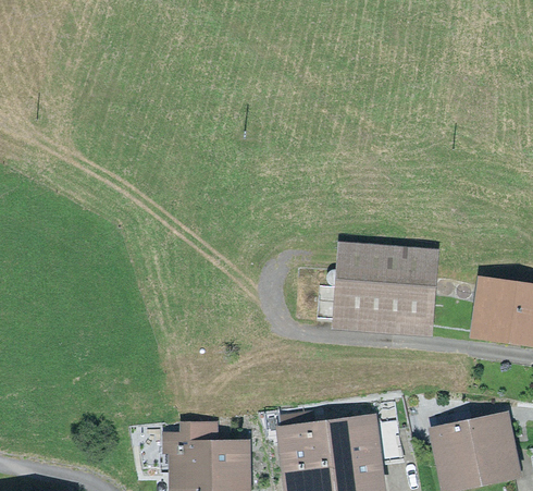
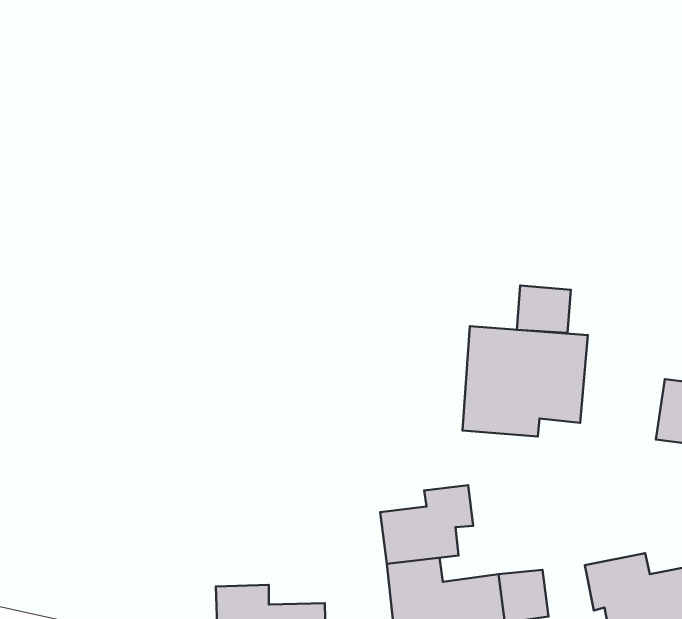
building: none -> [517,286,571,333]
building: none -> [380,485,473,564]

